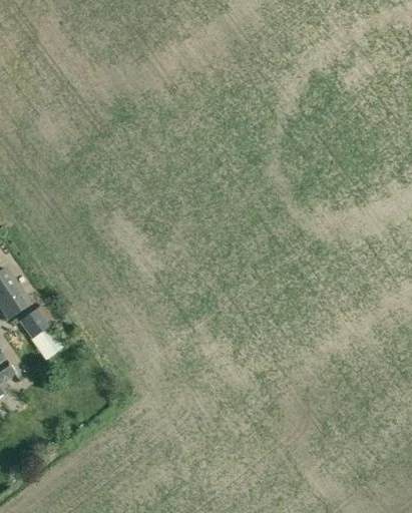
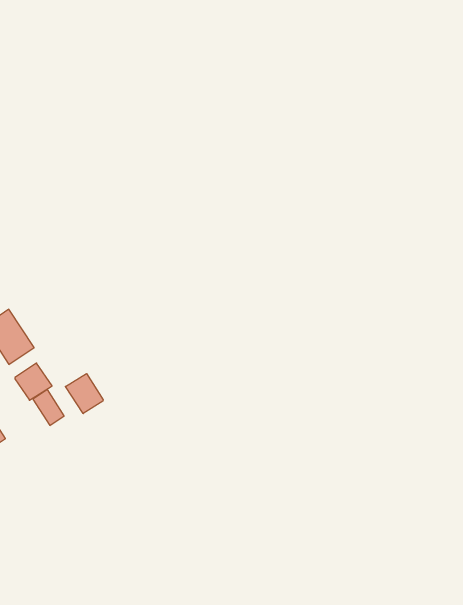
building: none -> [65,374,103,414]

